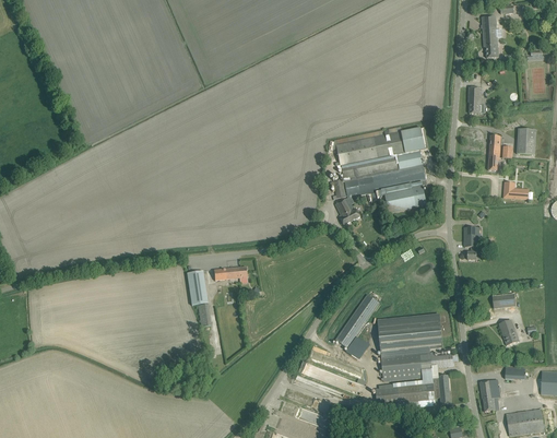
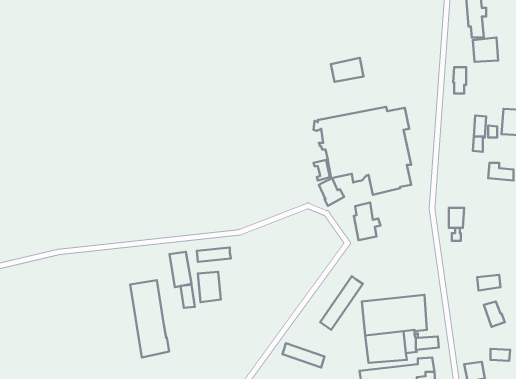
building: none -> [473,37,498,62]
building: none -> [331,58,363,82]
building: none -> [354,203,380,240]
building: none -> [198,272,221,302]
building: none -> [130,280,169,357]

